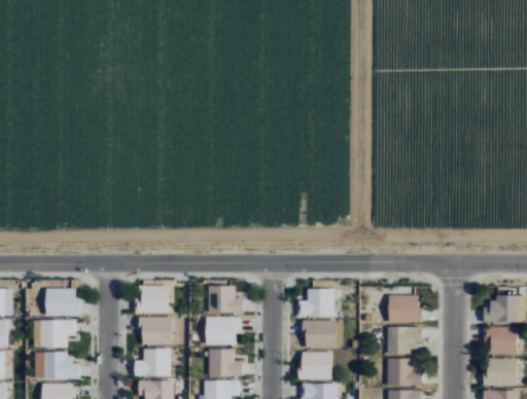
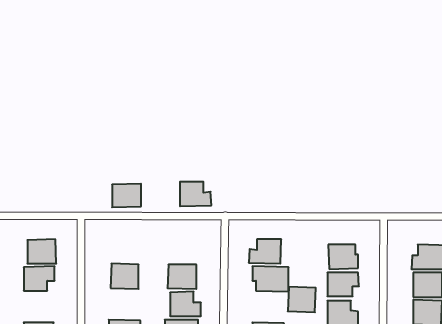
building: [208,285,244,313] -> [180,182,211,206]
building: [135,286,168,313] -> [112,184,141,207]
building: [135,348,171,375] -> none
building: [301,351,332,379] -> [288,287,316,312]
building: [34,352,79,378] -> none

